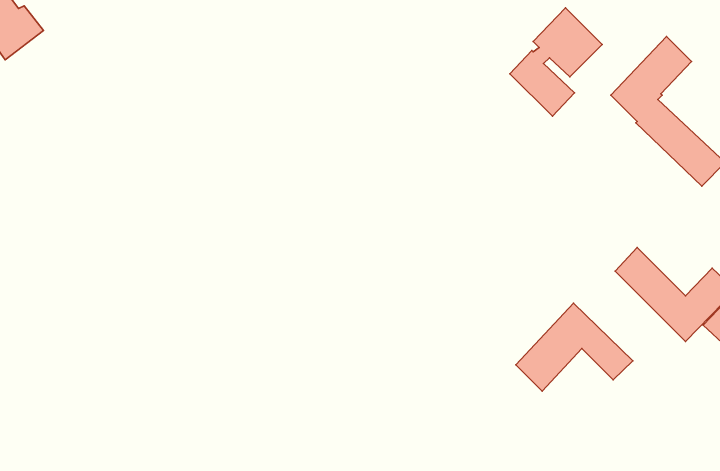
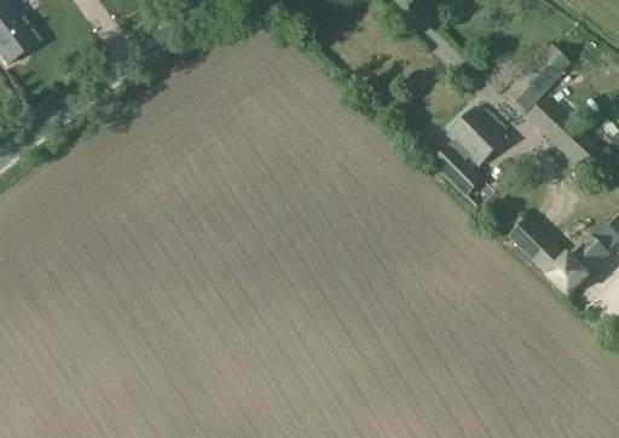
building: [510,8,602,116] -> [429,106,505,196]
building: [516,303,633,391] -> none

